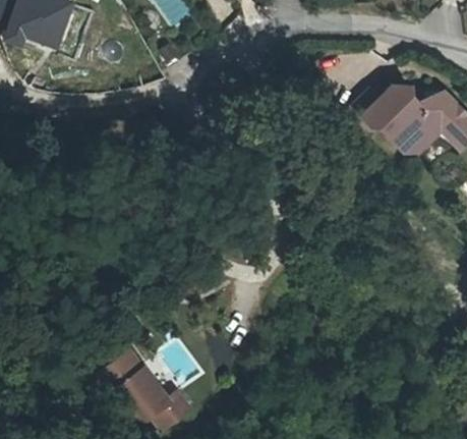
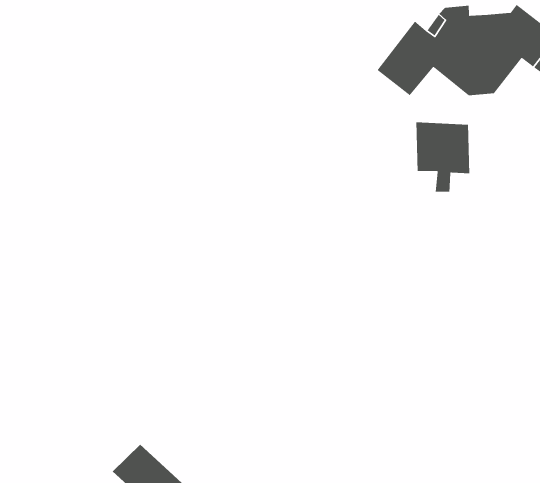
building: none -> [416,122,470,193]

